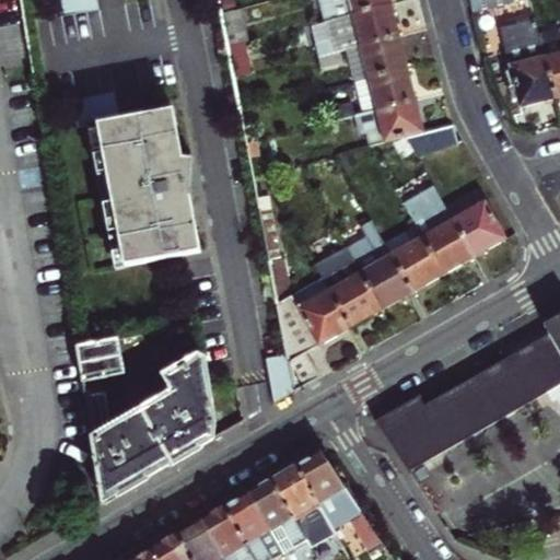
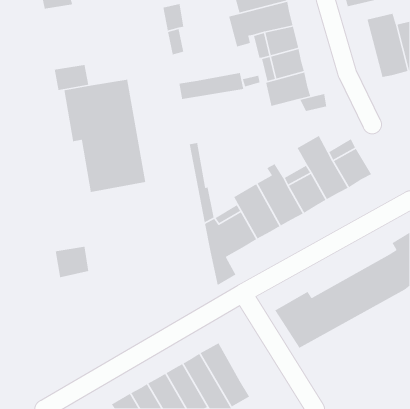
building: none -> [179,72,244,100]
building: [268,343,295,402] -> none
building: [82,354,212,499] -> none
building: [298,452,375,544] -> none

